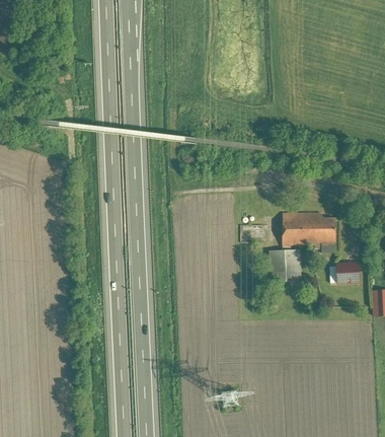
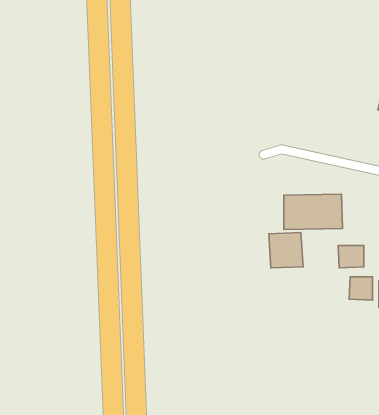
building: none -> [349,277,372,300]

